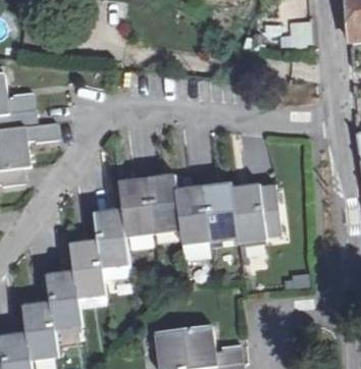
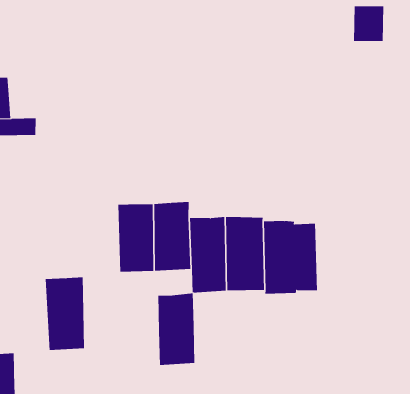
building: [92,210,125,268] -> [157,293,195,365]
building: [43,273,76,331] -> none

